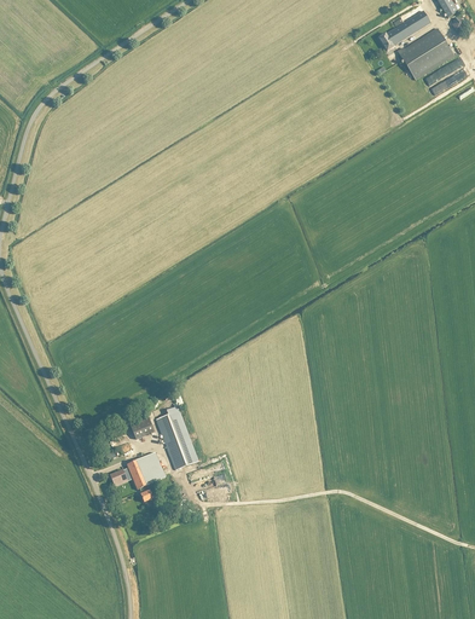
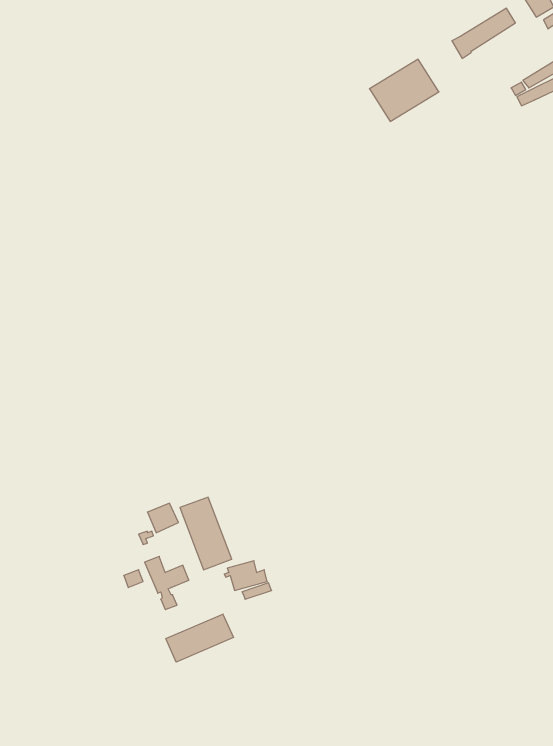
building: [398,29,454,80] -> [369,59,439,121]
building: none -> [166,614,233,662]

